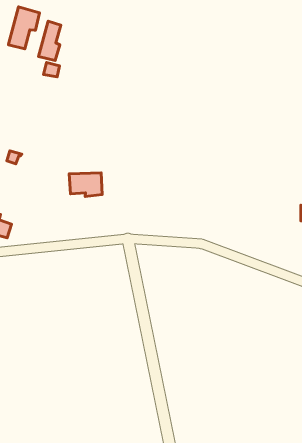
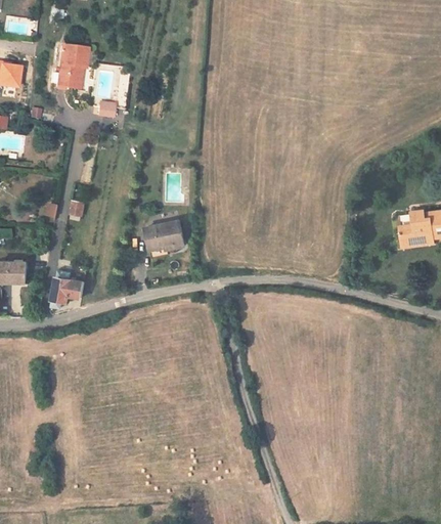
building: [39,21,61,60] -> none

